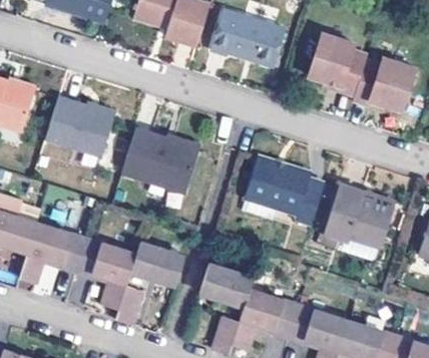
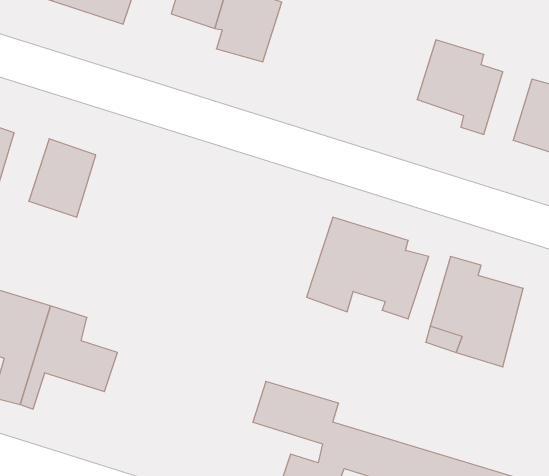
building: [218,11,292,67] -> none
building: [355,54,390,106] -> none
building: [76,112,115,162] -> none
building: [125,130,200,197] -> none
building: [95,245,177,326] -> none

